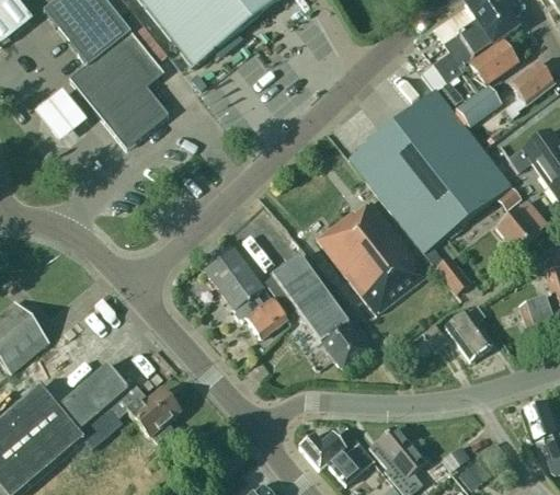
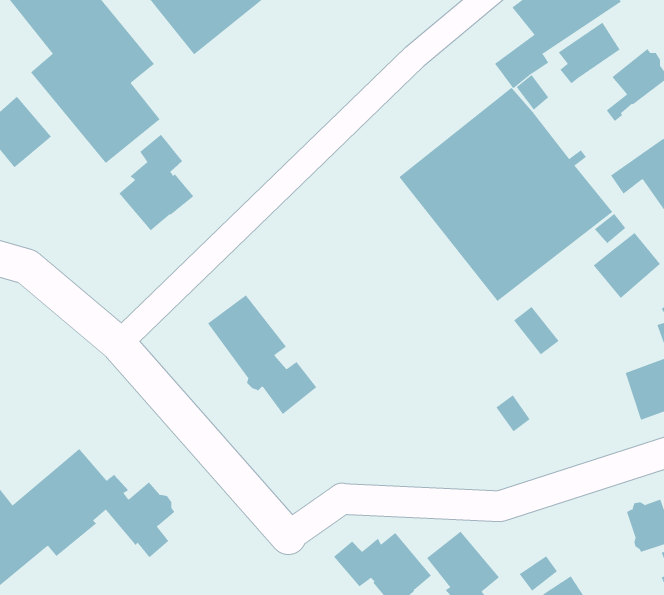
building: [456,83,501,126] -> none
building: none -> [119,134,194,231]
building: [316,198,427,312] -> none
building: [263,254,369,368] -> none
building: [445,303,492,360] -> none

